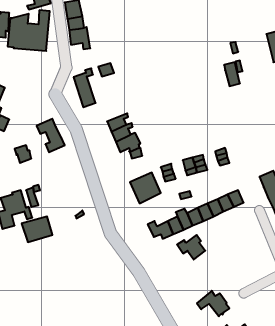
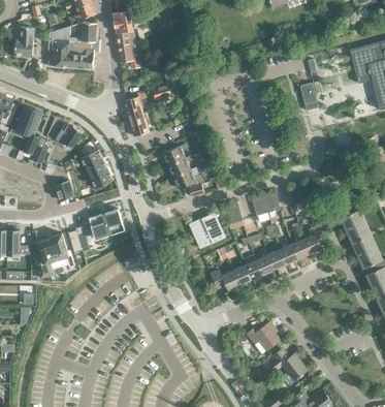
building: none -> [47,118,82,146]
building: [22,216,52,242] -> [88,209,124,239]
building: [177,235,205,260] -> [247,321,280,350]

